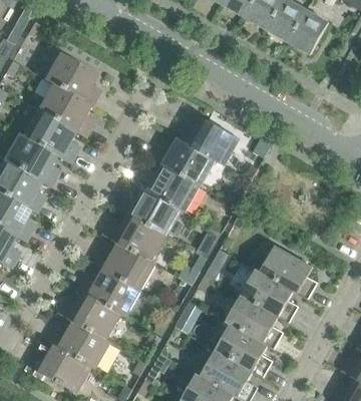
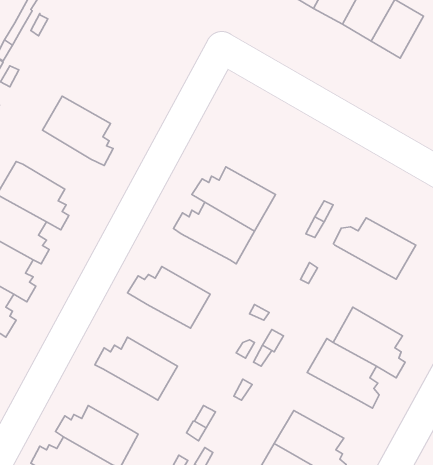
building: [44,53,99,107] -> none
building: [22,110,76,163] -> none
building: [176,117,240,164] -> [333,218,416,279]
building: [118,189,180,236] -> none
building: [92,244,155,291] -> none
building: [58,293,120,340] -> none
building: [226,296,281,350] -> none

